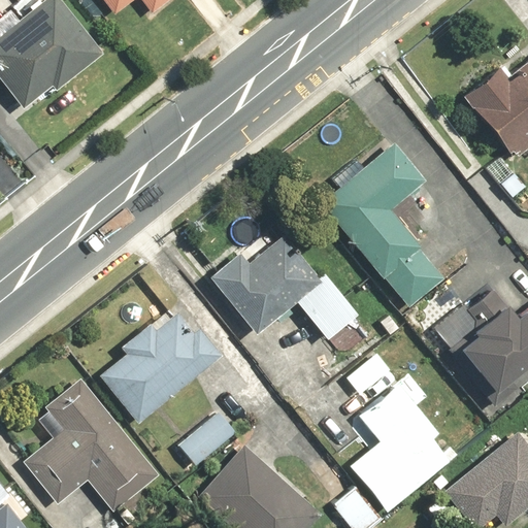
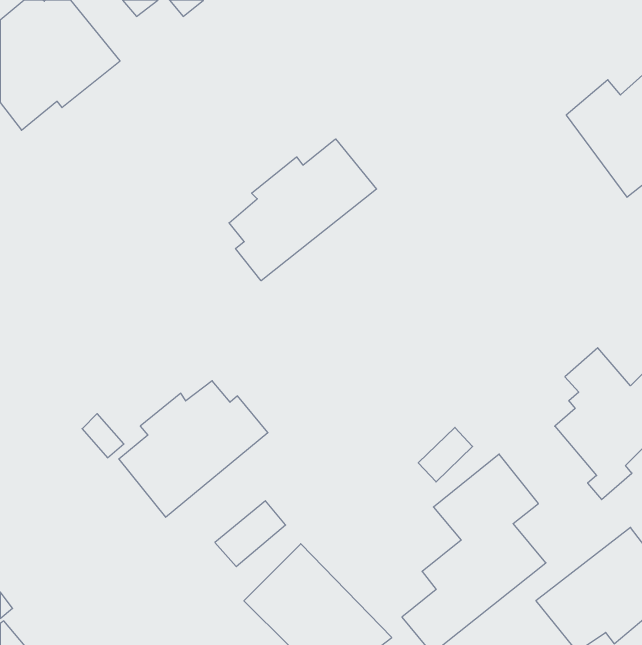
building: none -> [229,139,377,281]
building: [322,141,442,308] -> none
building: [209,233,367,353] -> none
building: [24,377,161,513] -> none

